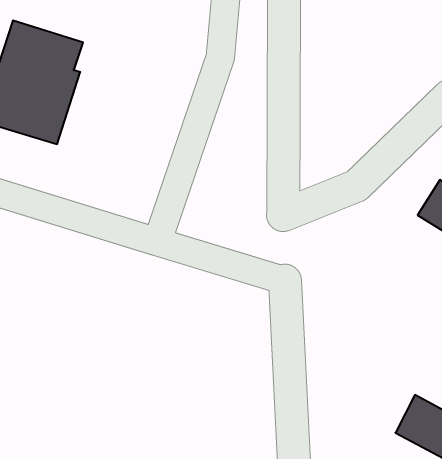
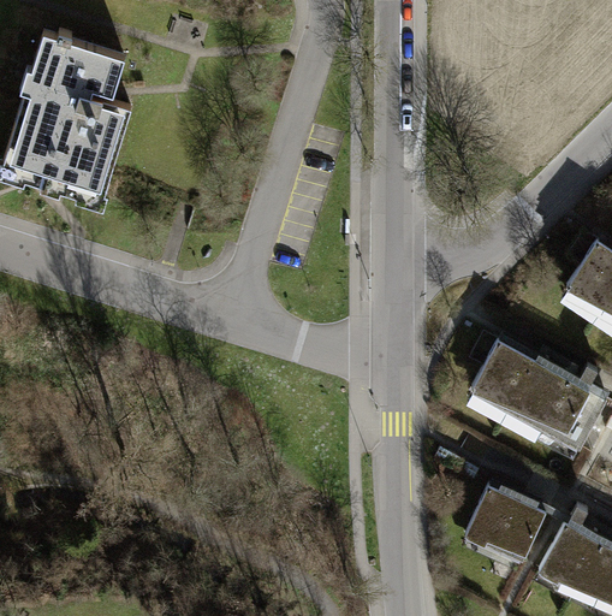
building: none -> [476,342,593,438]
building: none -> [468,486,549,562]

